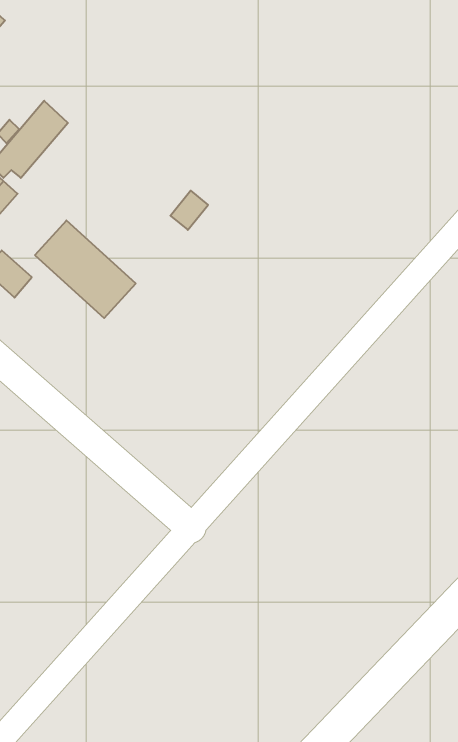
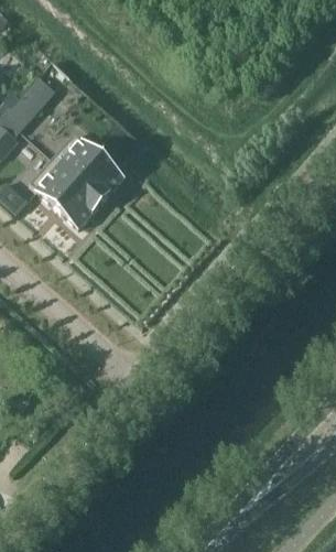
building: none -> [53,133,123,202]

